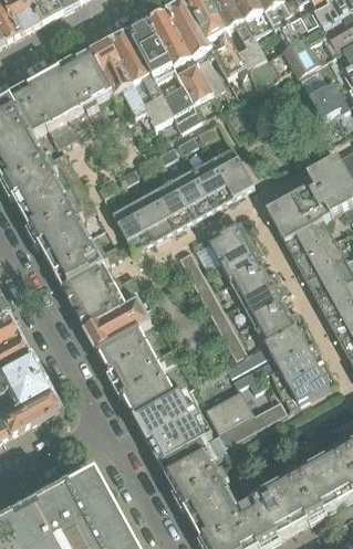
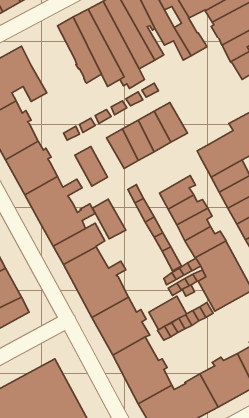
building: [45,50,113,134] -> none
building: [133,190,175,240] -> [92,199,126,239]
building: [208,221,258,260] -> none

